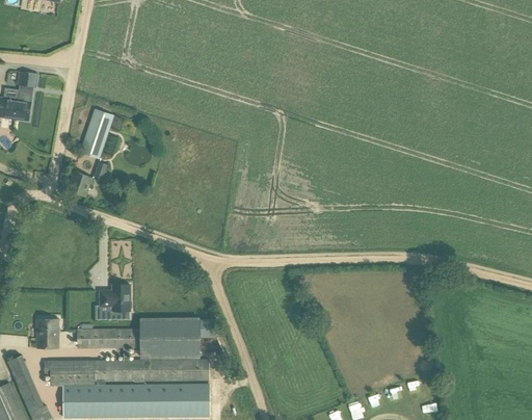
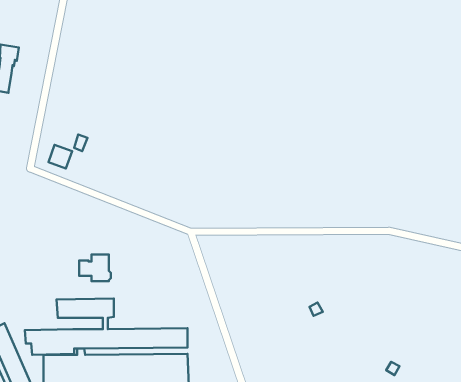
building: [80,107,112,157] -> none
building: [35,318,58,347] -> none
building: [140,318,192,357] -> none

